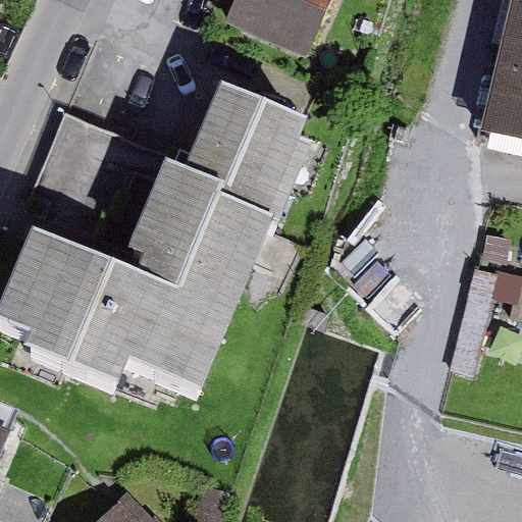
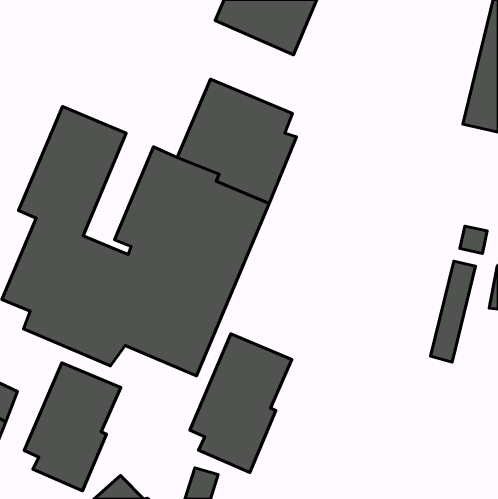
building: none -> [190,334,292,473]
building: none -> [24,363,121,491]

